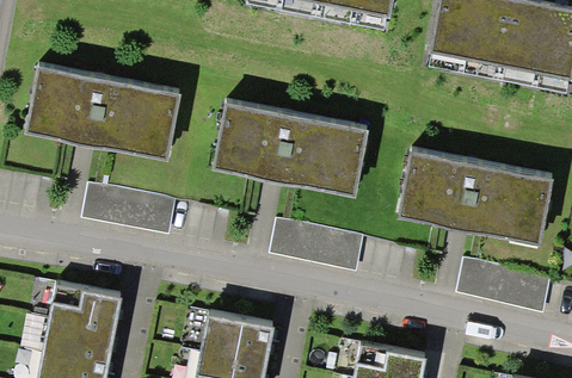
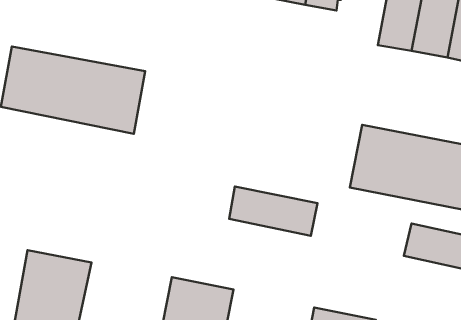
building: [213,100,367,194] -> none
building: [80,179,174,230] -> none

